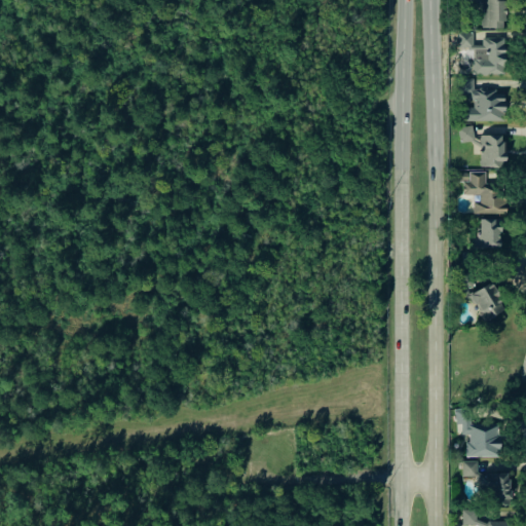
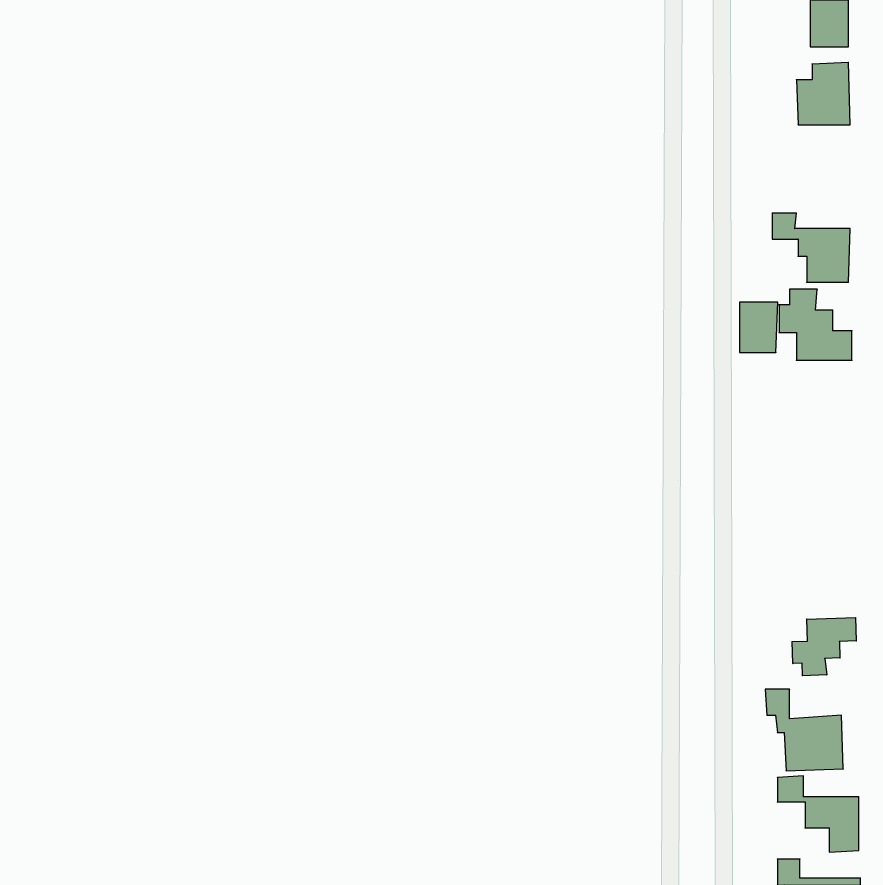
building: [465,89,505,121] -> none
building: [478,219,500,249] -> [740,302,778,352]
building: [469,281,508,322] -> none
building: none -> [792,618,856,676]

